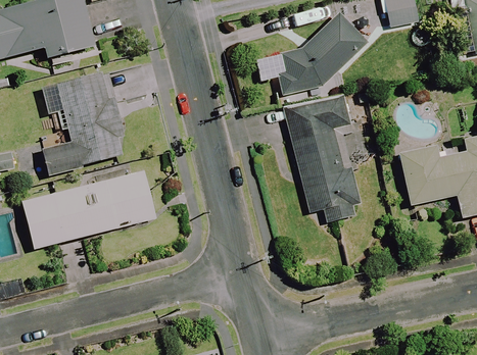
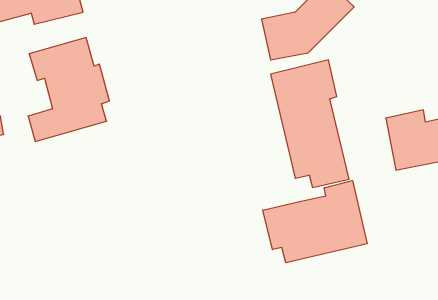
building: [22,170,155,248] -> none
building: none -> [263,181,367,263]

